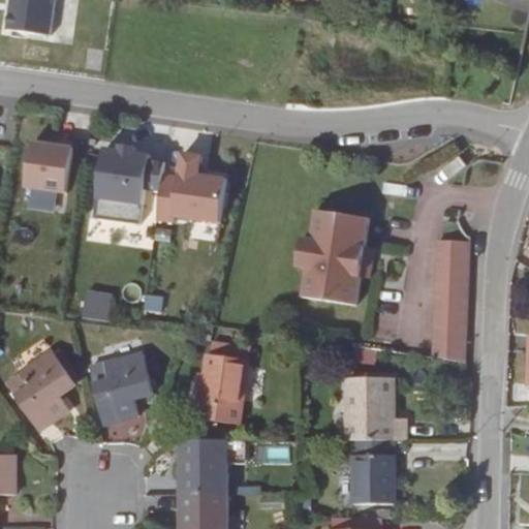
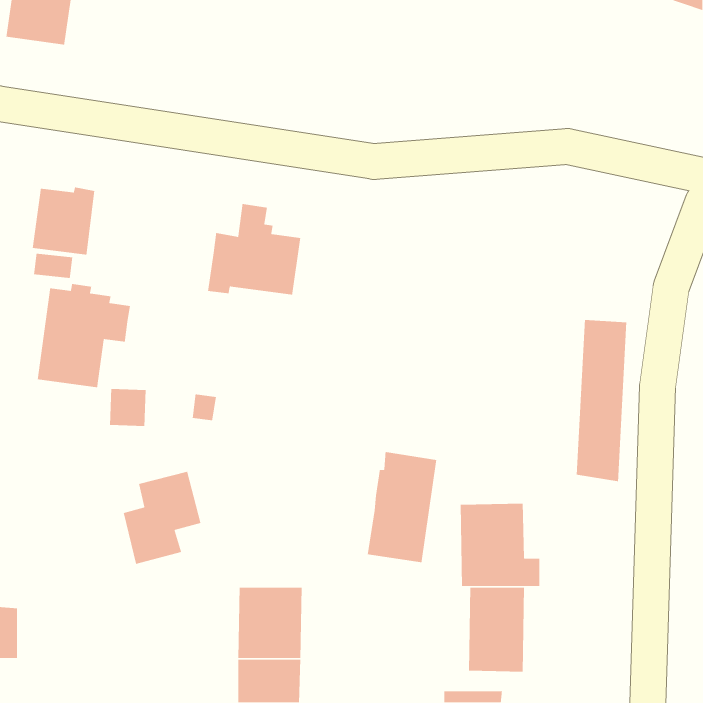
building: [93,145,163,223] -> [37,283,131,388]
building: [295,208,373,303] -> none
building: [196,339,249,423] -> [367,451,437,563]
building: [5,349,73,430] -> none

